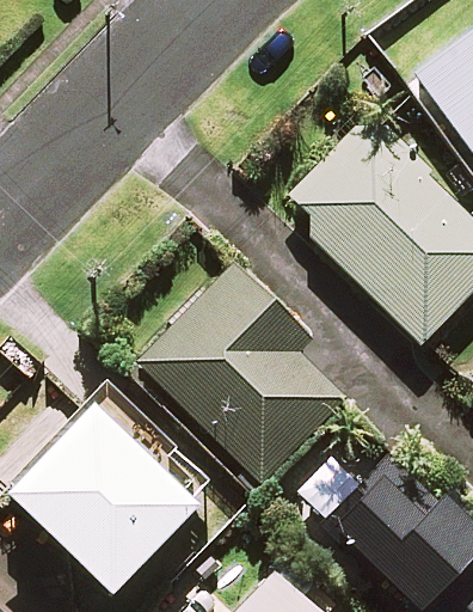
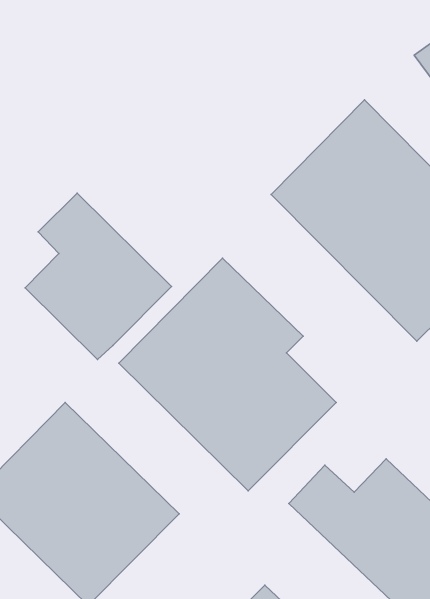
building: none -> [25,193,171,360]

